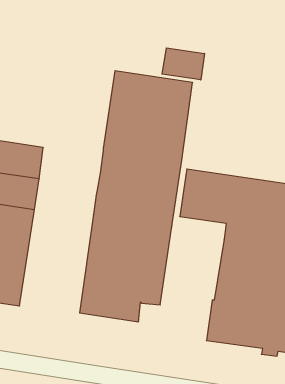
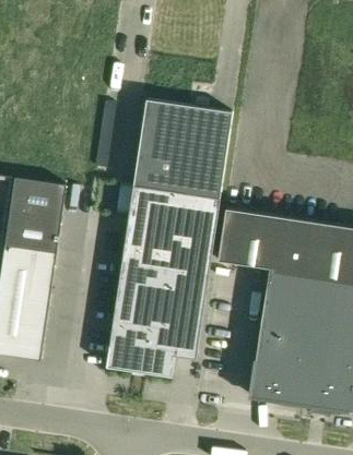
building: [162,48,204,80] -> none

